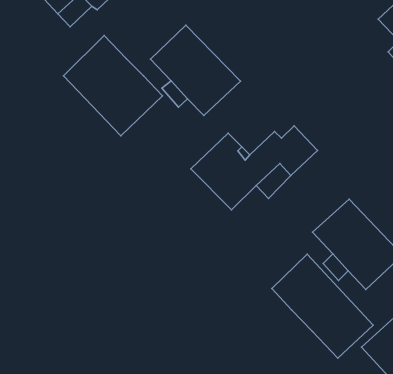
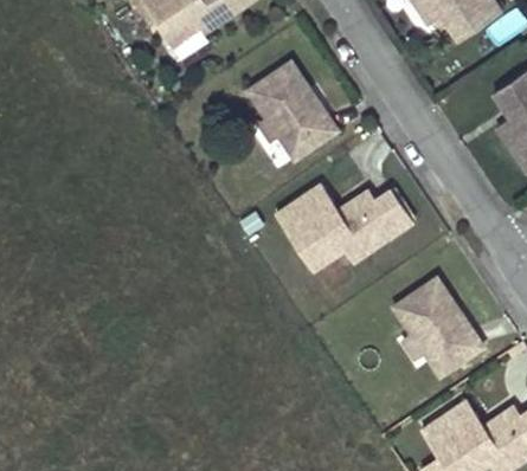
building: [64,35,162,136] -> none
building: [272,254,373,358] -> none

